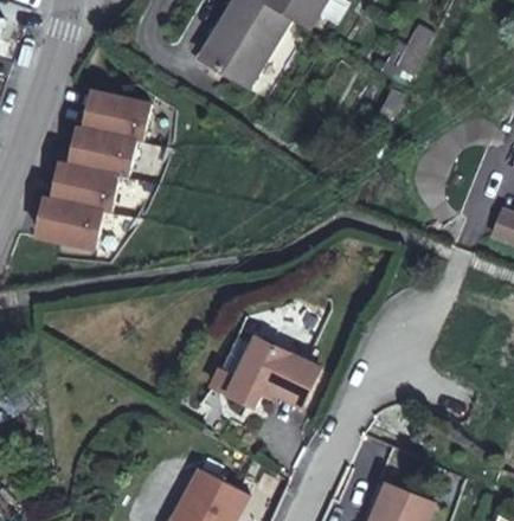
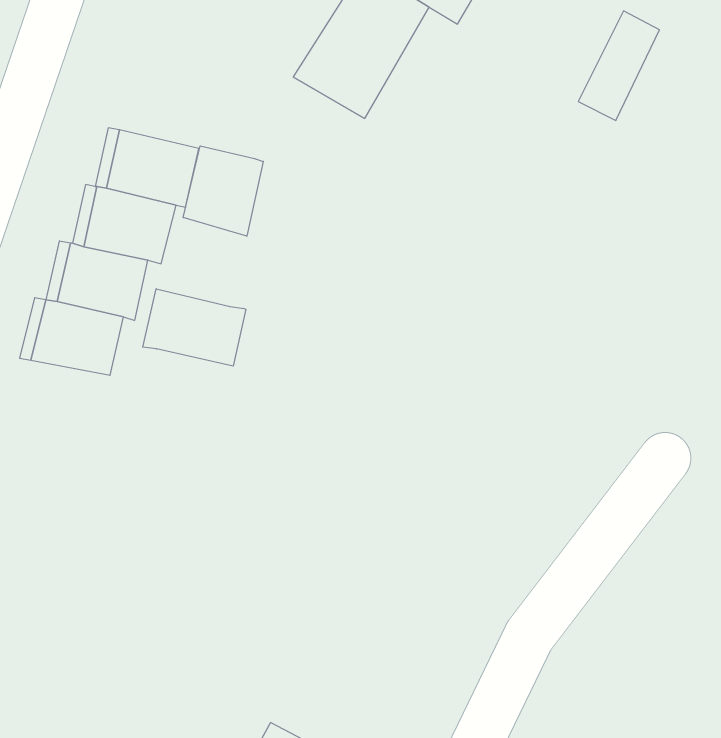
building: none -> [183,146,263,236]
building: none -> [143,289,246,366]
building: [198,328,304,404] -> none

